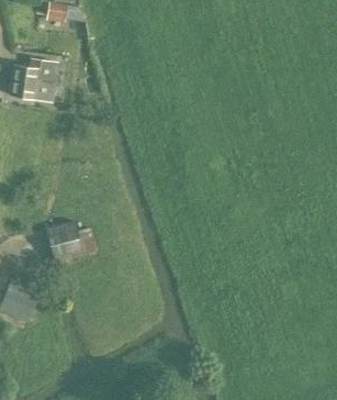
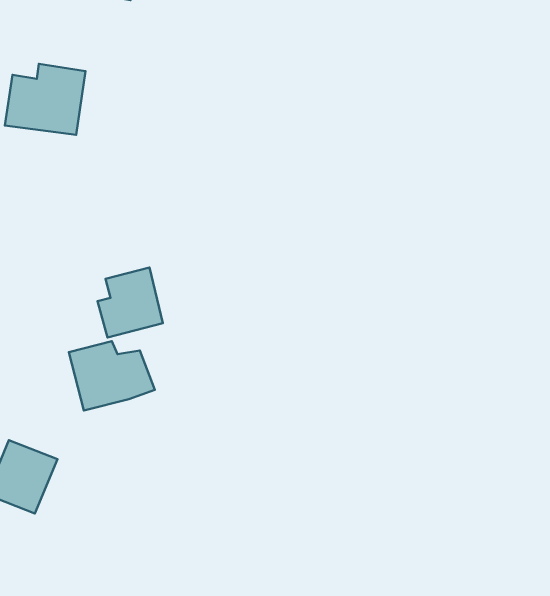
building: none -> [98,268,163,338]

